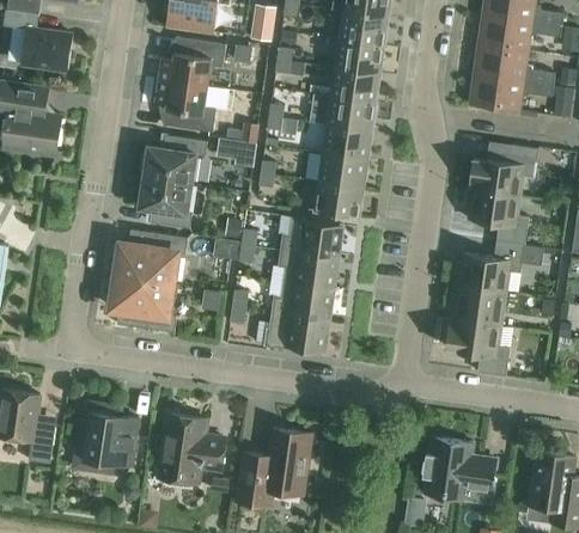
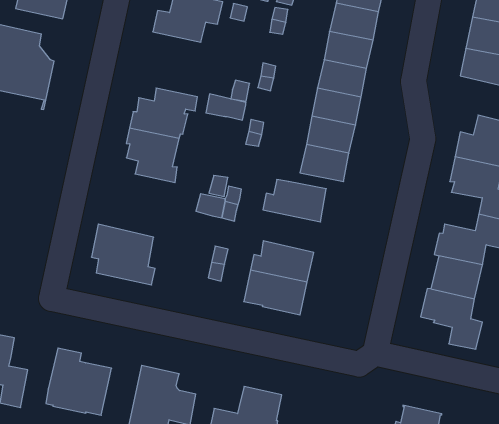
building: [156,79,217,131] -> none
building: [116,229,188,284] -> none
building: [278,250,339,289] -> none

